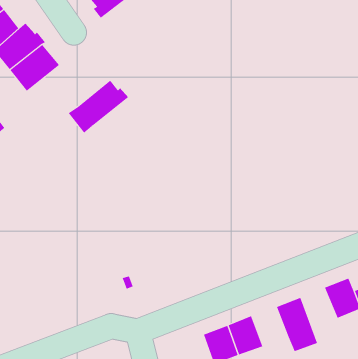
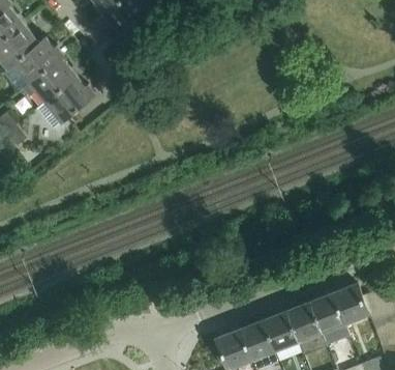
building: [68,80,129,134] -> [36,78,95,130]
building: none -> [310,293,351,347]
building: none -> [263,312,298,350]

